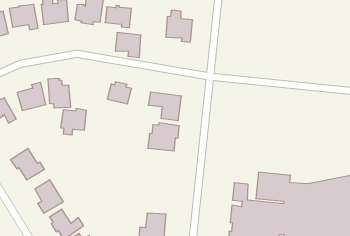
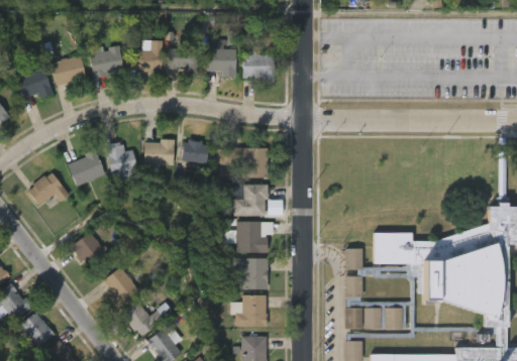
building: [115,33,141,57] -> [206,50,236,78]
building: [61,109,86,135] -> [142,139,172,171]
building: none -> [223,222,273,253]
building: none -> [231,258,268,289]

